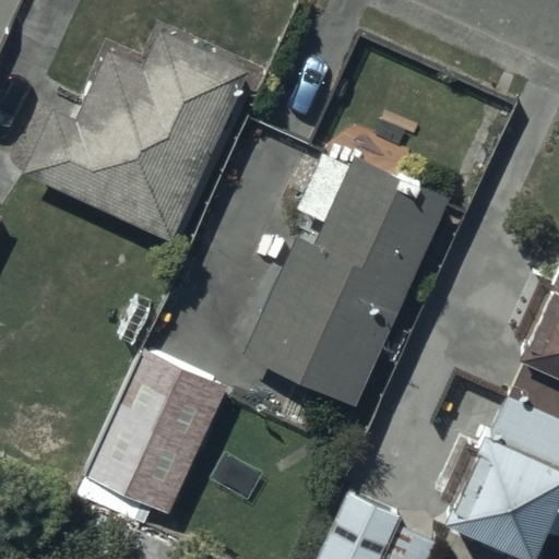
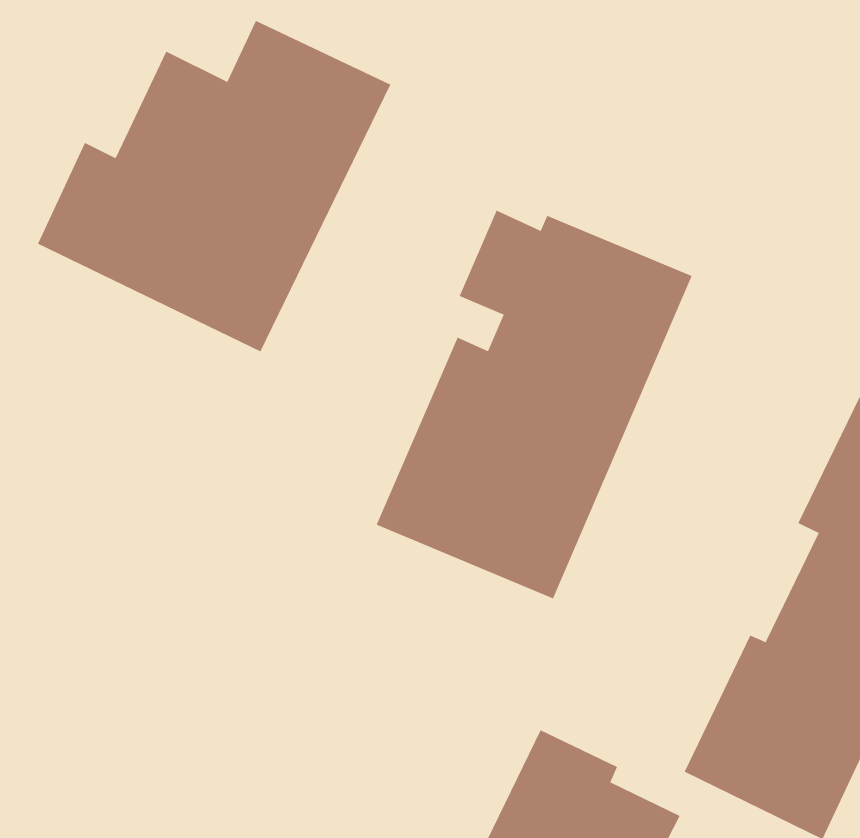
building: [84,350,231,519] -> none

